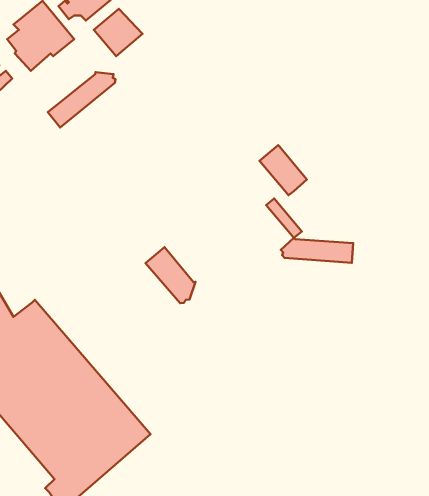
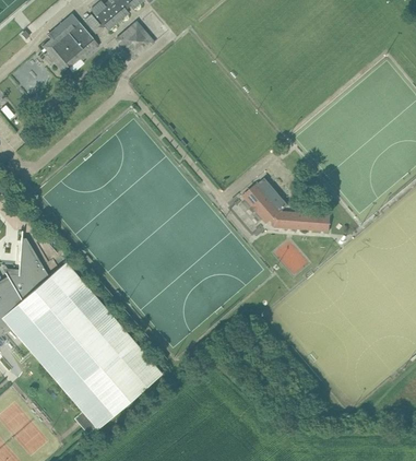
building: [48,72,115,128] -> none
building: [260,145,307,195] -> [240,181,280,223]
building: [146,247,195,303] -> none

